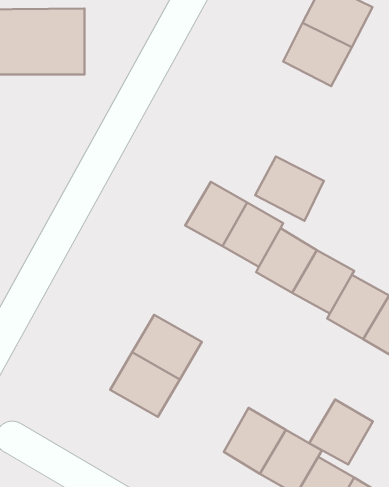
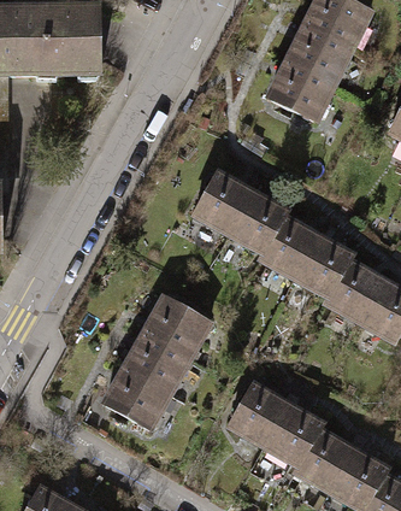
building: [255,156,324,221] -> [266,60,330,121]
building: none -> [105,366,169,428]
building: [309,399,373,465] -> none

